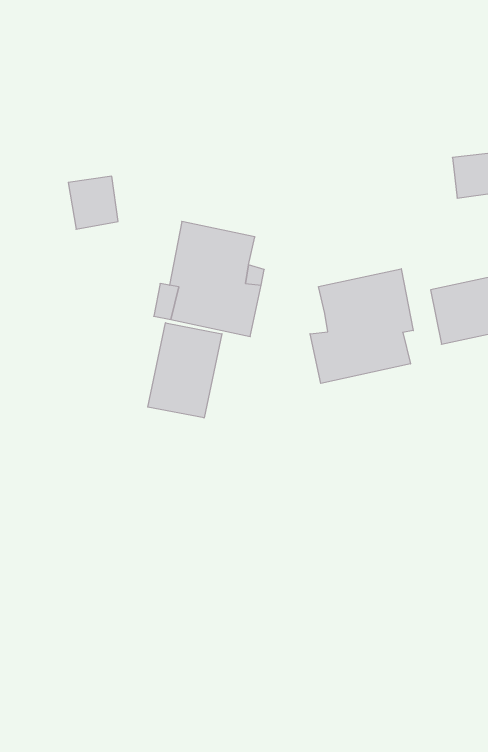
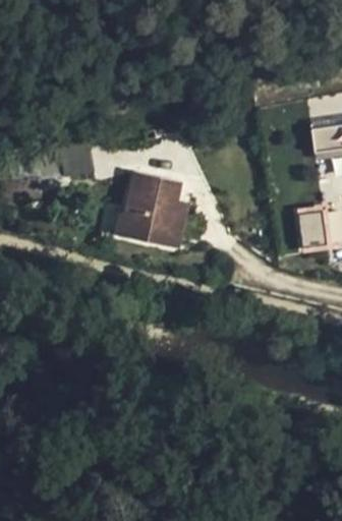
building: [310,269,413,383] -> none
building: [148,323,222,418] -> none

